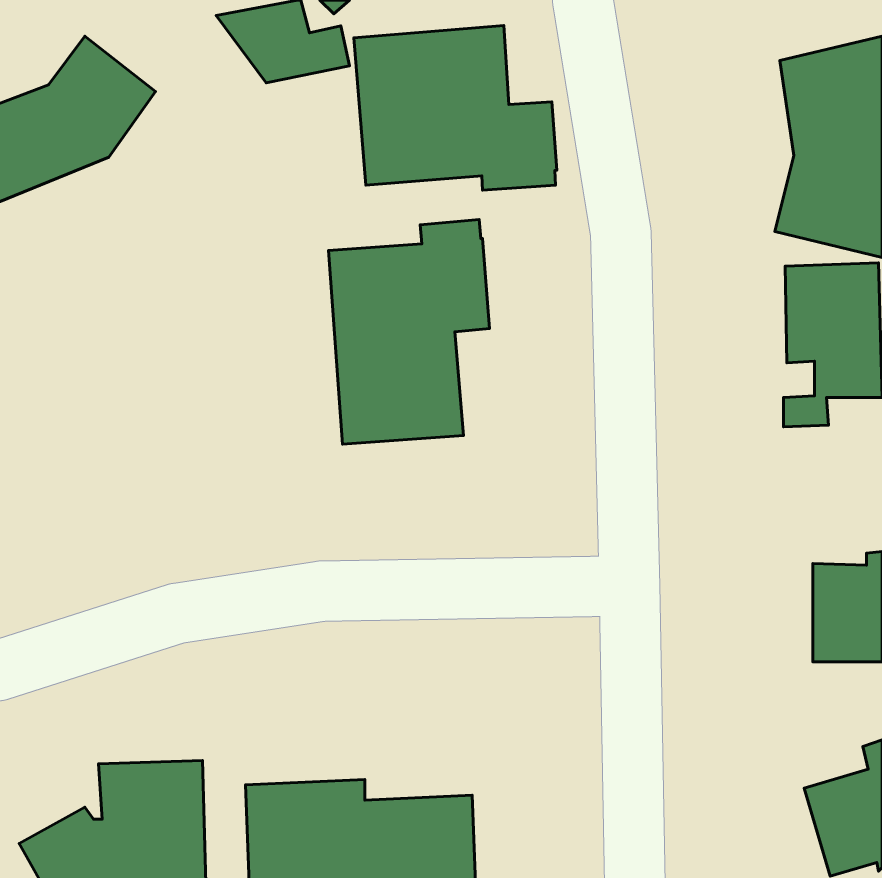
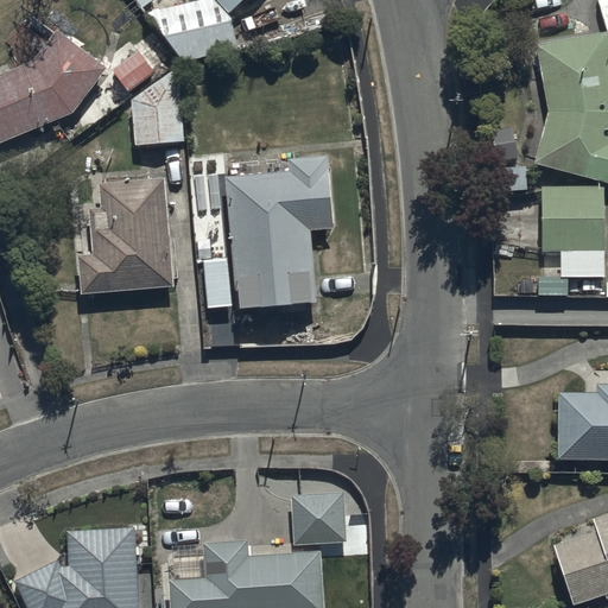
building: [354,26,557,190] -> none
building: none -> [114,50,186,146]
building: none -> [80,178,175,293]
building: none -> [291,493,348,546]

